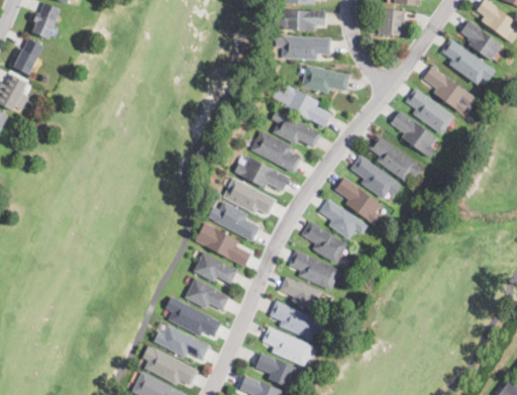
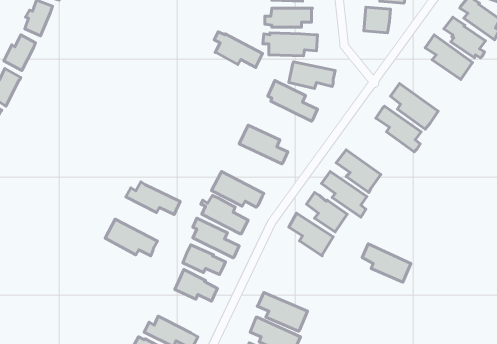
building: [422,67,477,113] -> none
building: [271,111,320,147] -> [214,32,263,67]
building: [369,135,422,181] -> none
building: [233,157,289,190] -> [126,182,180,215]
building: [289,251,338,290] -> [362,244,411,282]
building: [279,277,321,311] -> none
building: [168,300,221,337] -> [105,219,158,256]

